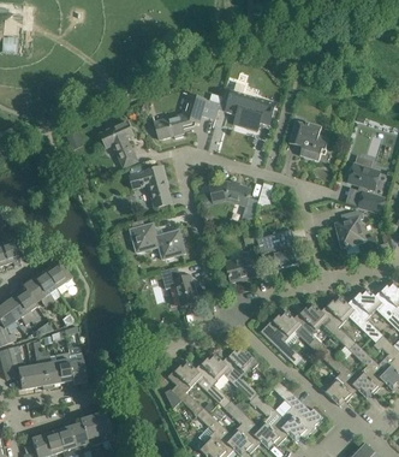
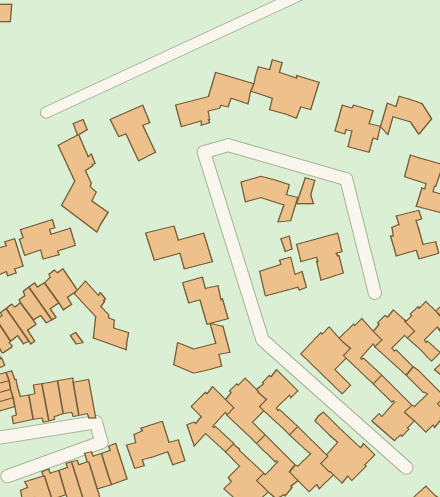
building: none -> [380,96,432,135]
building: none -> [58,135,108,232]
building: [130,166,172,208] -> none
building: none -> [19,220,75,259]
building: none -> [74,281,128,350]
building: none -> [174,323,230,373]
building: none -> [127,421,185,468]

